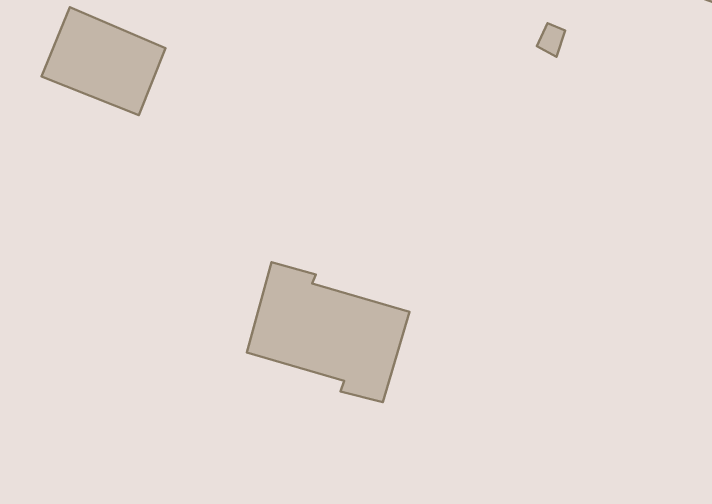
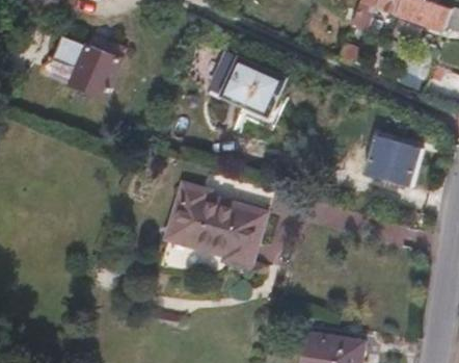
building: none -> [221,57,278,113]
building: none -> [363,132,426,188]

